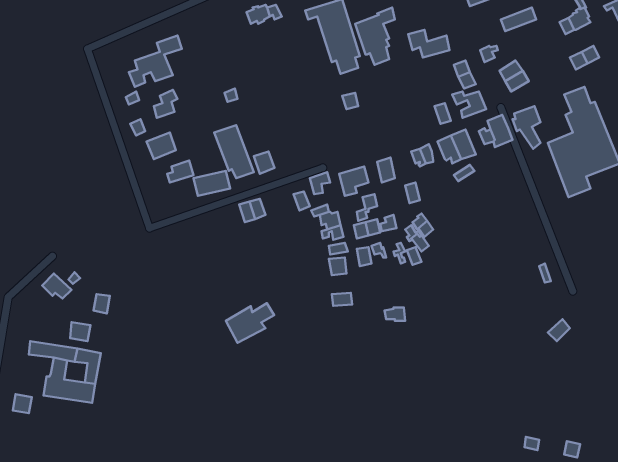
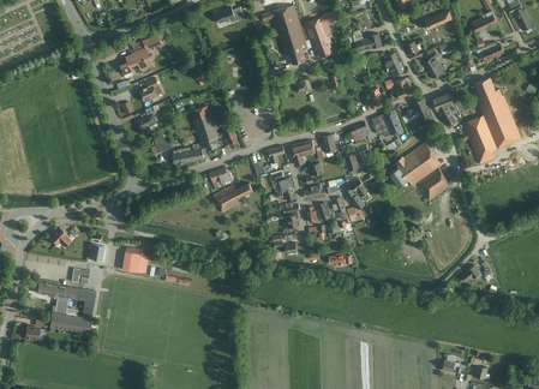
building: none -> [390,140,453,201]
building: none -> [122,245,150,273]
building: [226,303,274,343] -> [214,180,253,213]

